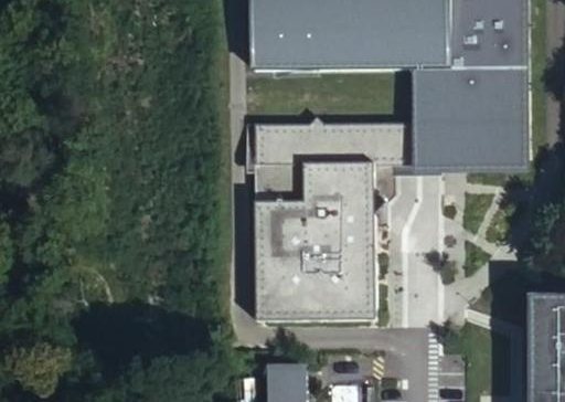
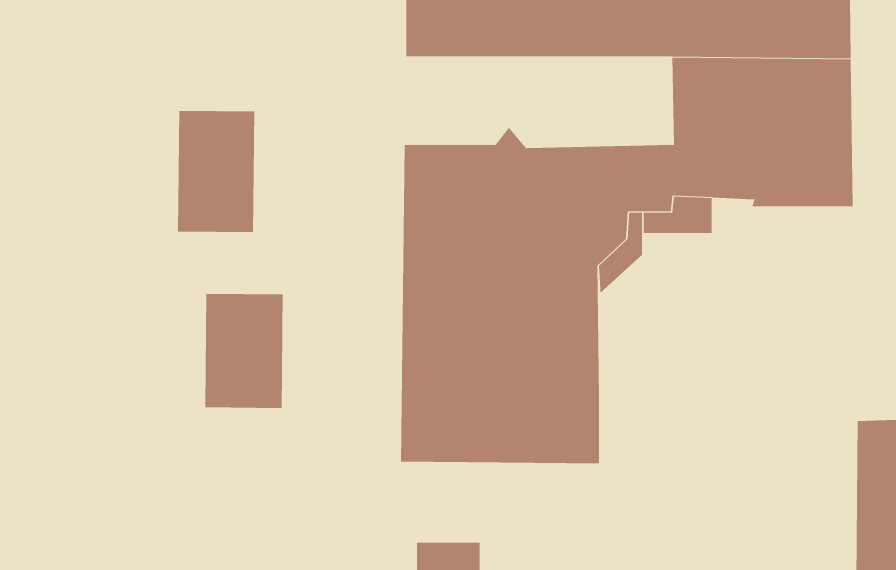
building: none -> [178,110,255,233]
building: none -> [205,293,283,409]

